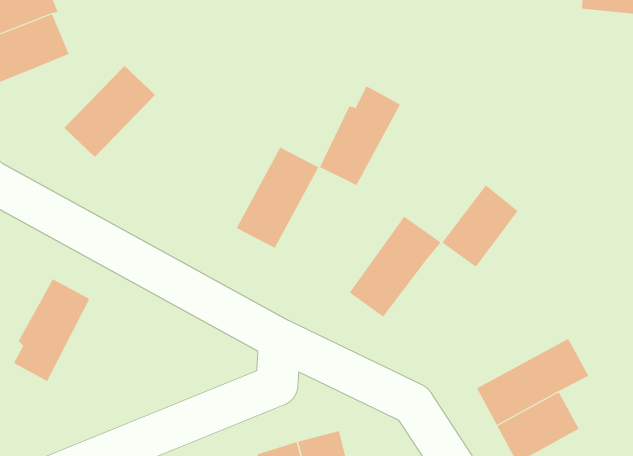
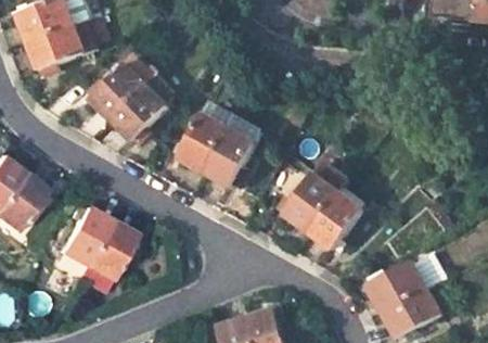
building: [319,86,401,186] -> [178,101,234,170]
building: none -> [106,78,167,143]
building: [442,184,518,267] -> [306,192,359,250]
building: none -> [74,219,130,290]

